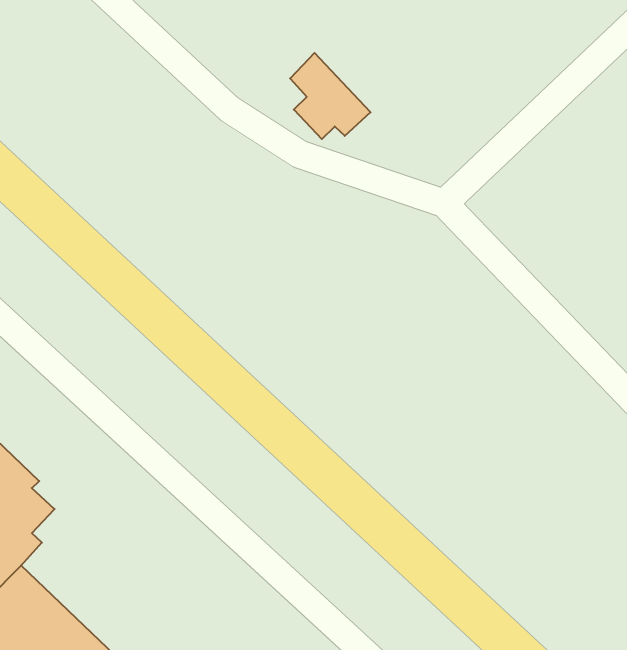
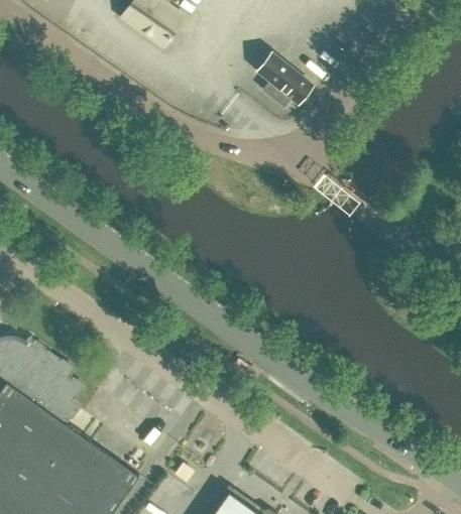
building: [290,53,371,139] -> [257,54,311,108]

